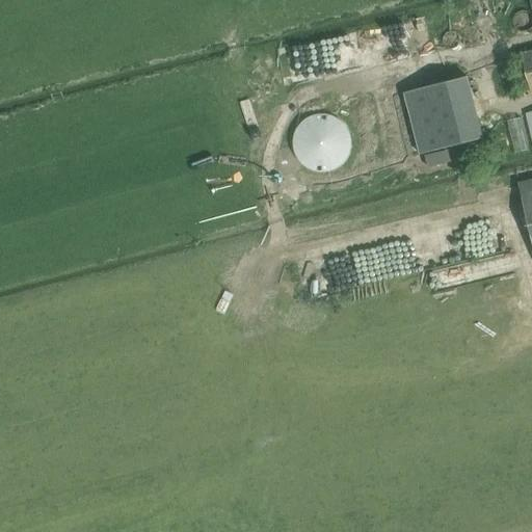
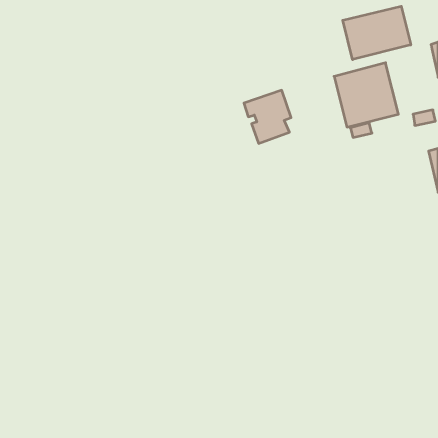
building: none -> [343,6,411,60]

